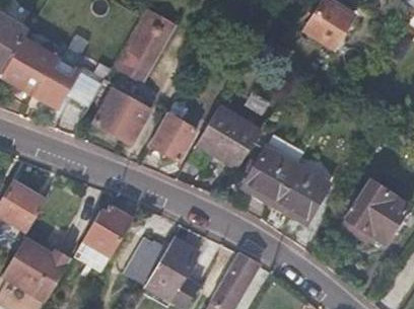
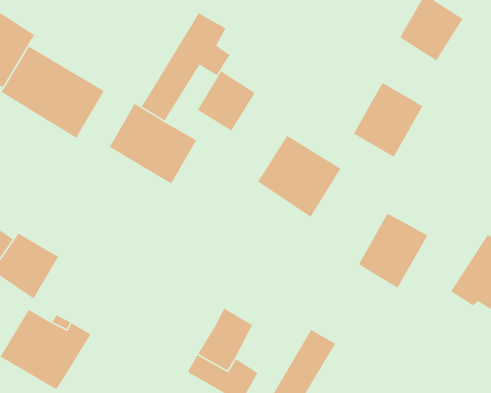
building: [151,114,196,161] -> [197,70,256,132]
building: [242,147,295,205] -> [353,82,424,158]
building: [73,206,131,271] -> none
building: [116,233,165,285] -> none

